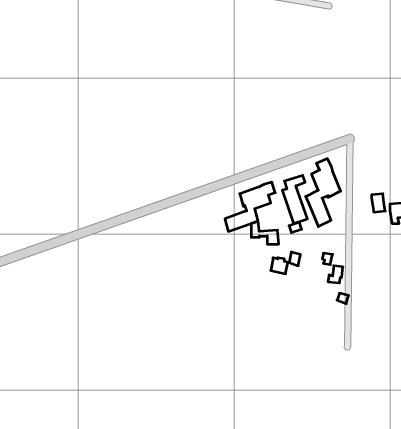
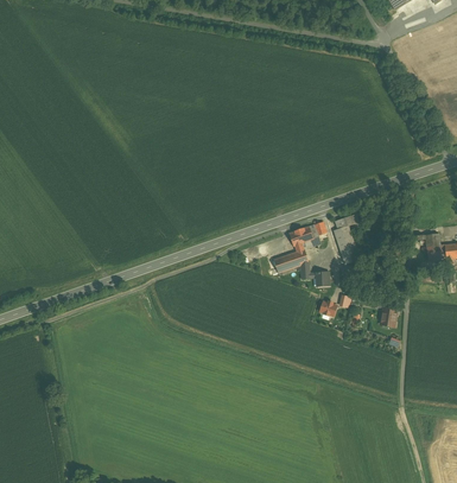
building: [306,159,341,227] -> none

